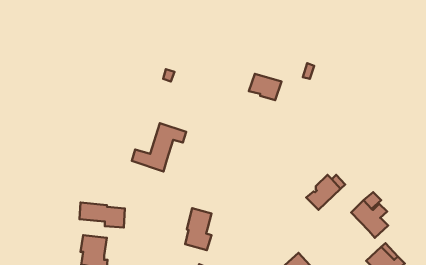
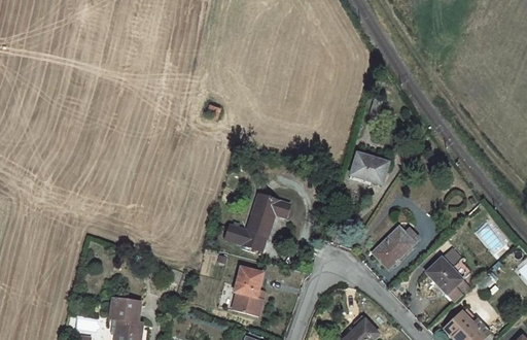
building: [249,74,281,100] -> [350,152,388,183]
building: [132,123,186,171] -> [225,194,289,250]
building: [79,203,125,227] -> none

